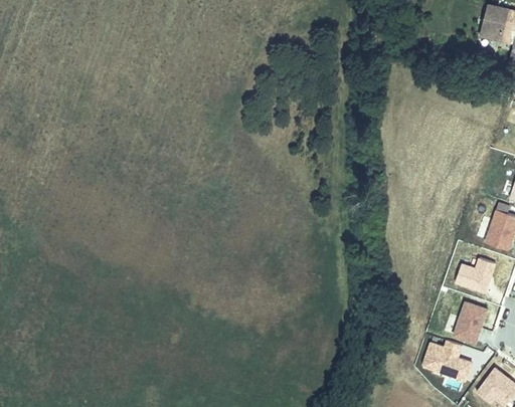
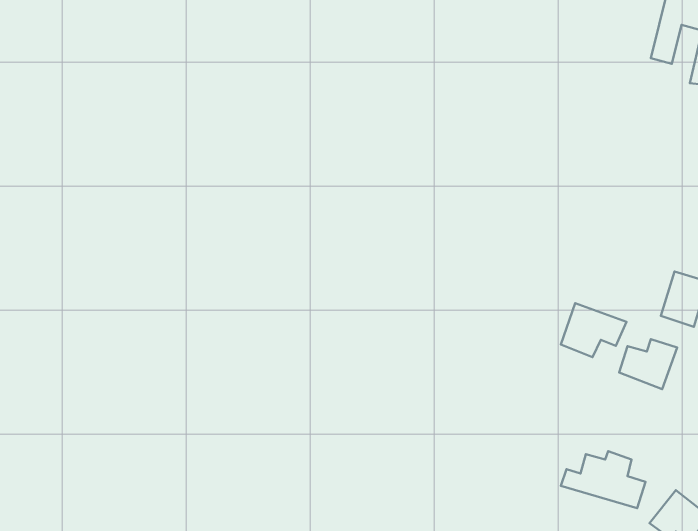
building: none -> [561,303,626,357]
building: [454,300,489,343] -> none

